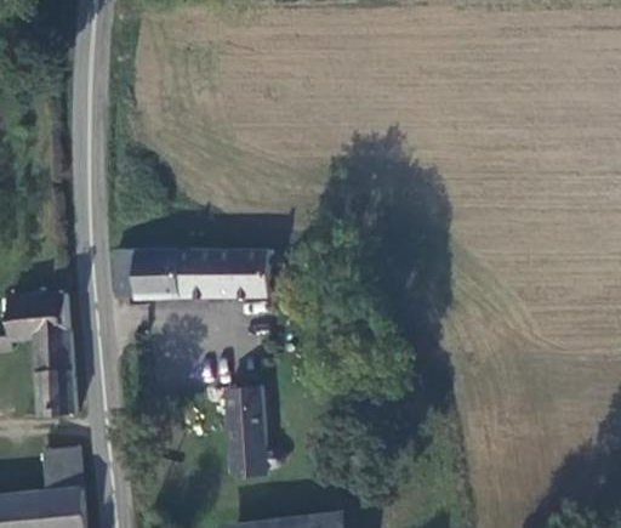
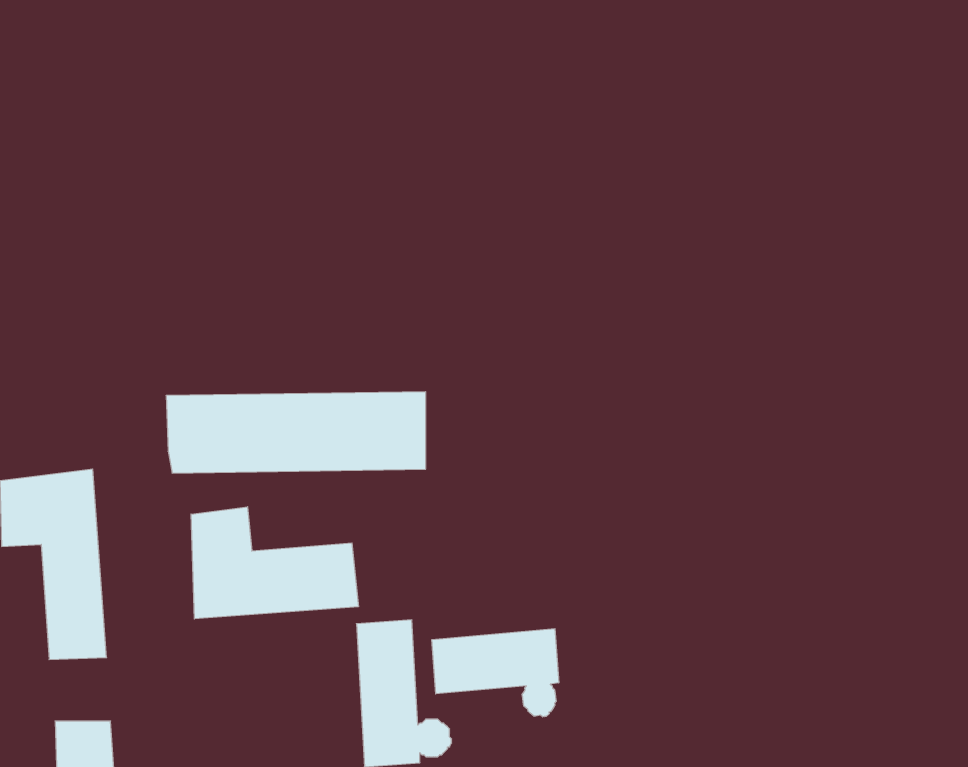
building: none -> [191,507,358,619]
building: none -> [432,629,559,717]

